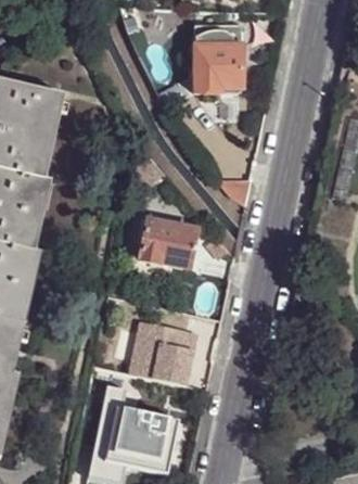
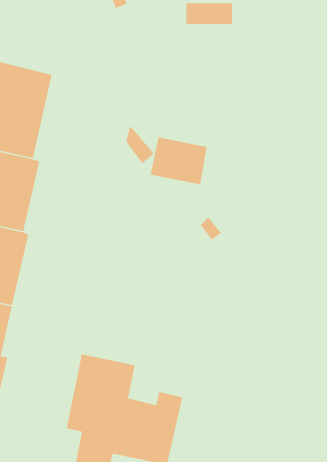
building: [192,48,240,93] -> none
building: [139,219,195,267] -> [150,136,208,185]
building: [129,319,195,383] -> none

